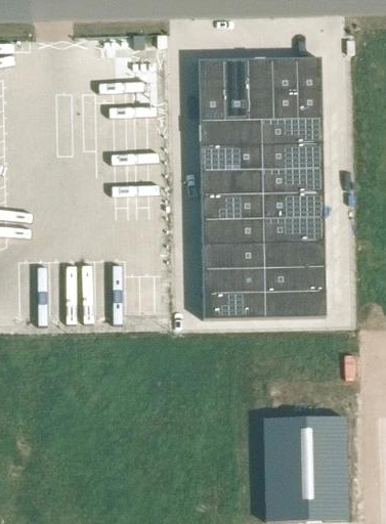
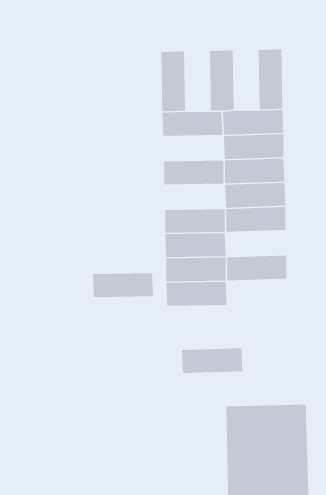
building: [272,58,298,120] -> none
building: [223,59,249,121] -> none
building: [201,145,263,171] -> none
building: [202,194,264,220] -> [92,273,154,298]
building: [264,242,327,268] -> none
building: [265,291,328,317] -> [181,348,243,374]

